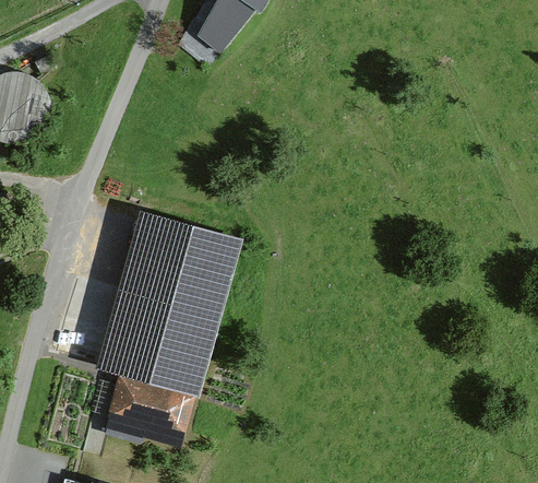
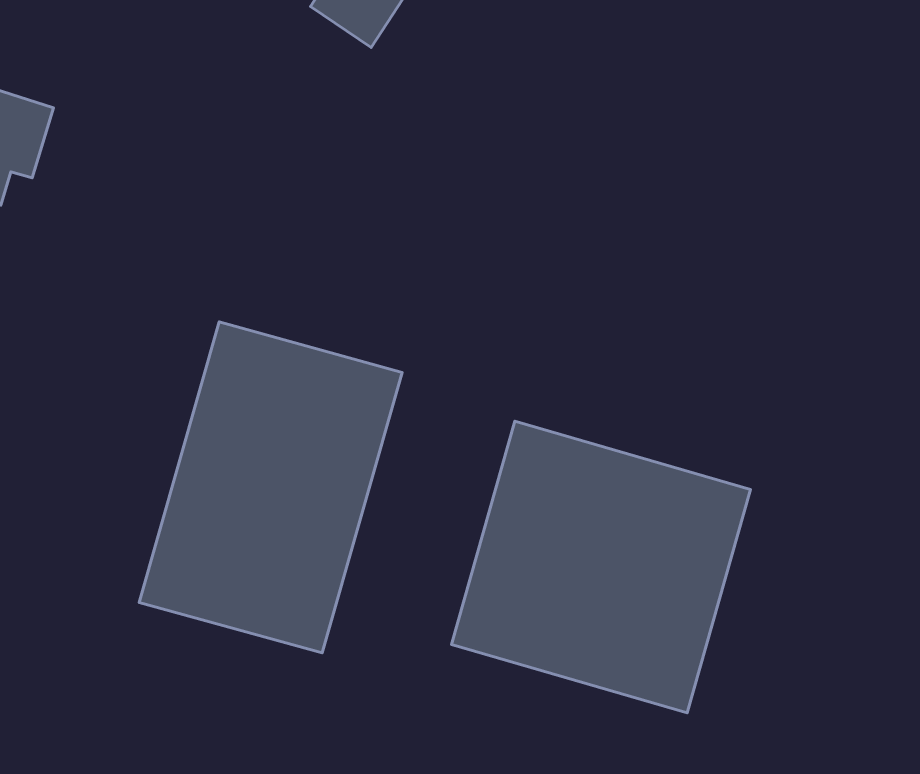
building: none -> [451,421,751,713]
building: [107,375,196,438] -> none

